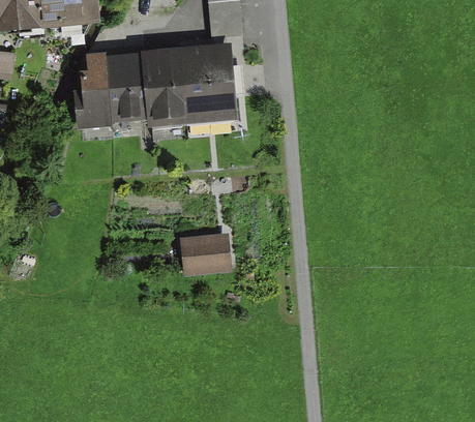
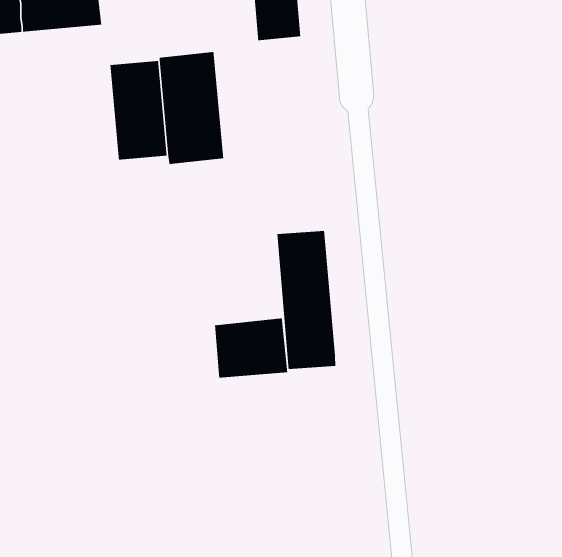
building: [180,39,238,120] -> none
building: [73,49,113,126] -> none
building: none -> [277,230,336,370]

